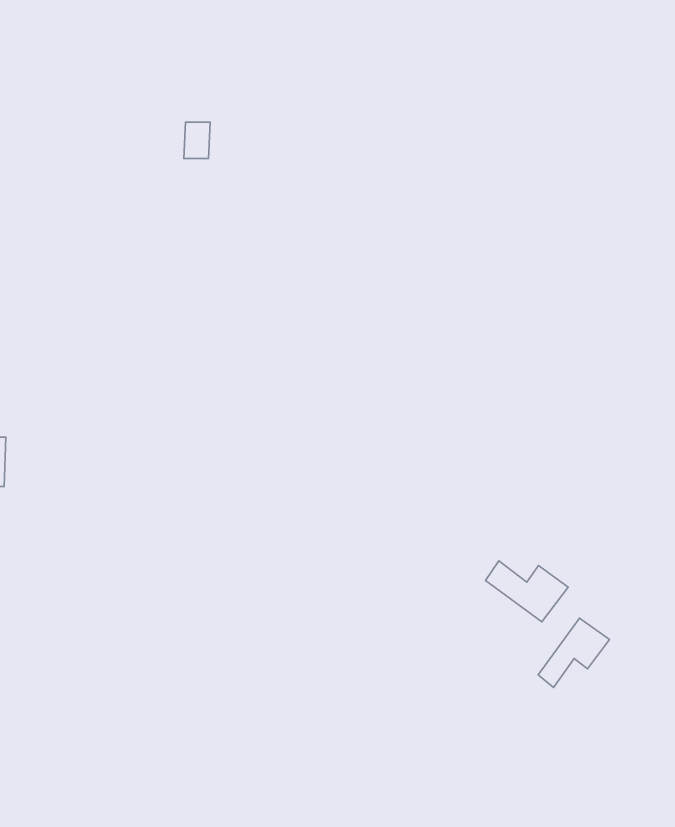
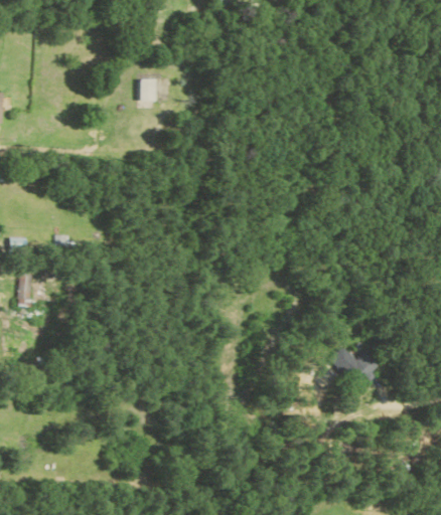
building: [538,618,610,688] -> none

